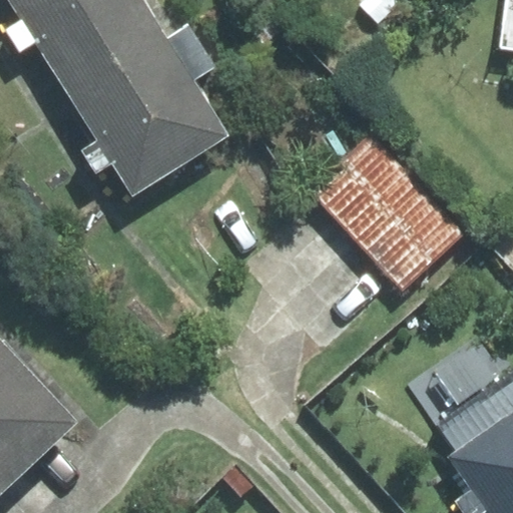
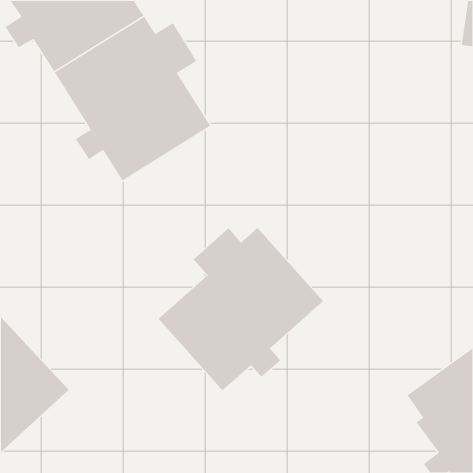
building: [315,134,465,288] -> none
building: none -> [158,227,324,391]

